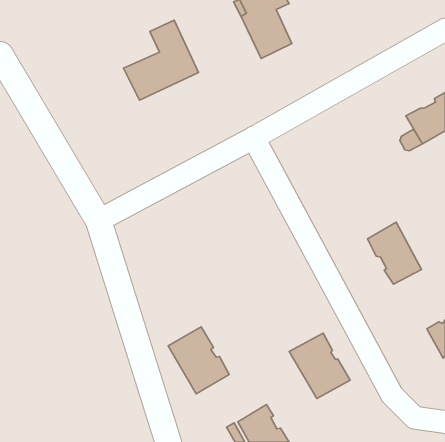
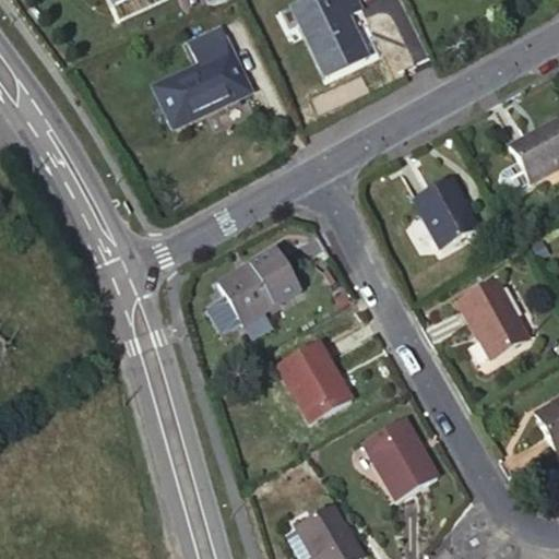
building: none -> [415,177,479,248]
building: none -> [218,249,300,324]
building: [168,327,229,394] -> [277,340,354,424]

